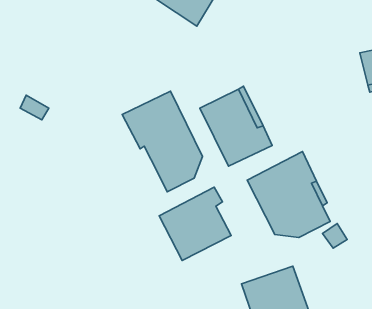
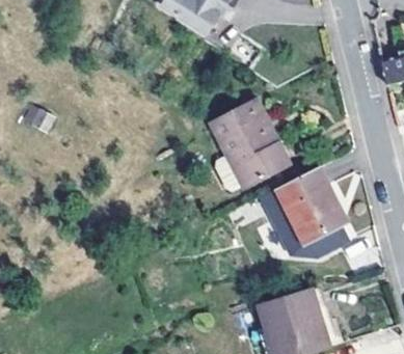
building: [122,91,203,192] -> none
building: [159,187,231,261] -> none

